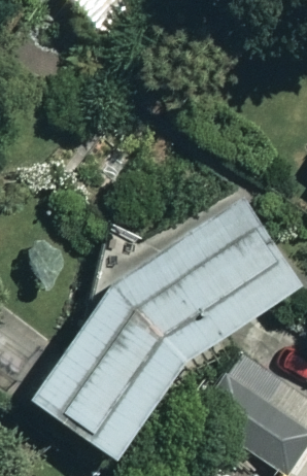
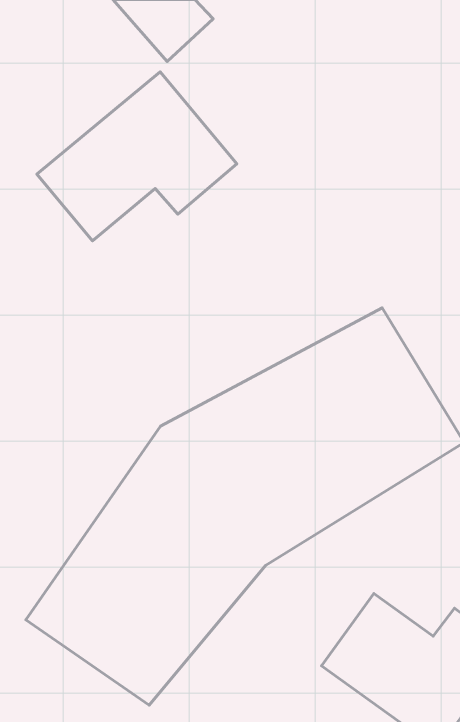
building: none -> [37,72,237,241]

